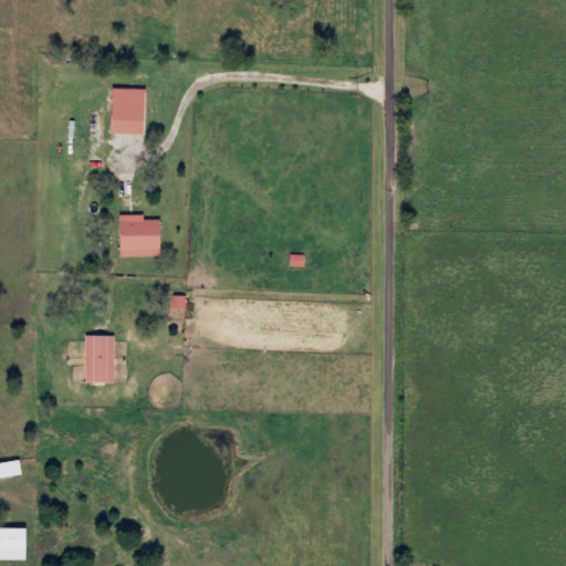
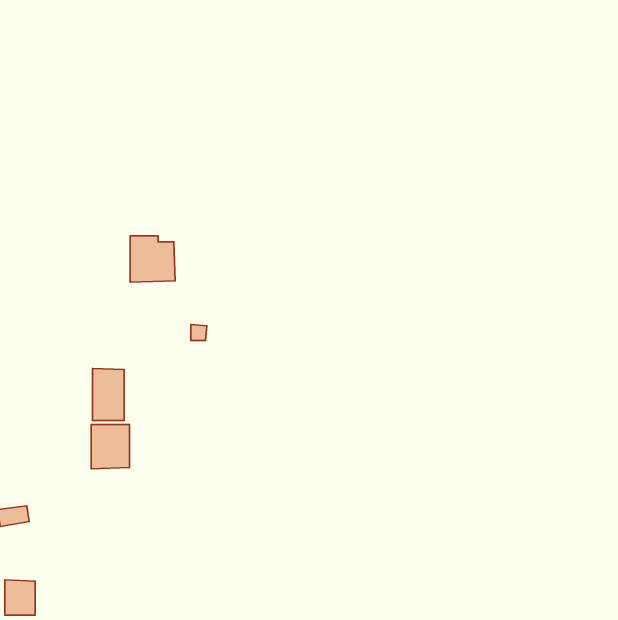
building: [108,88,142,134] -> none
building: none -> [91,425,130,469]

